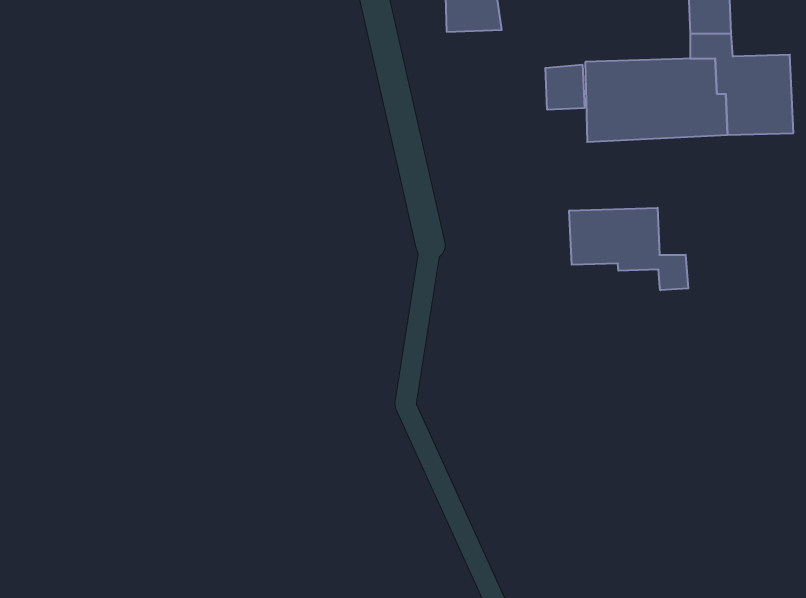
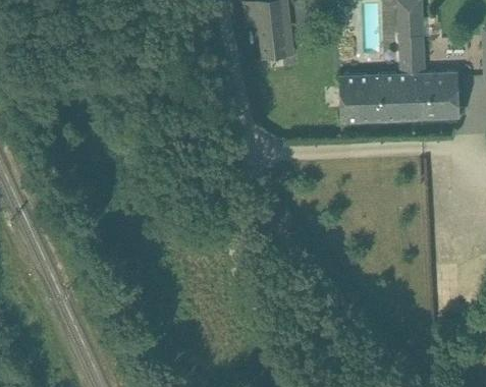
building: [545,65,584,110] -> none
building: [569,208,688,290] -> none

